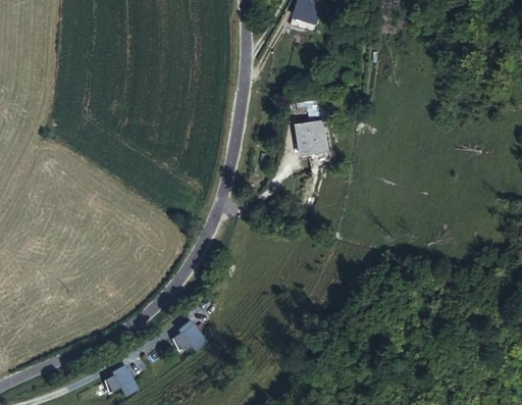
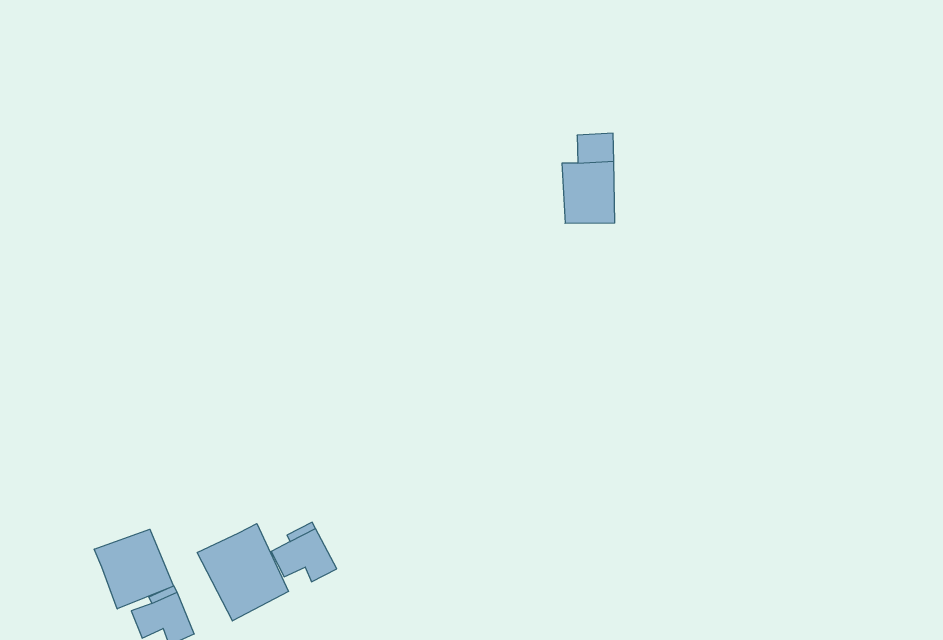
building: none -> [197,524,289,621]
building: none -> [94,529,174,609]

